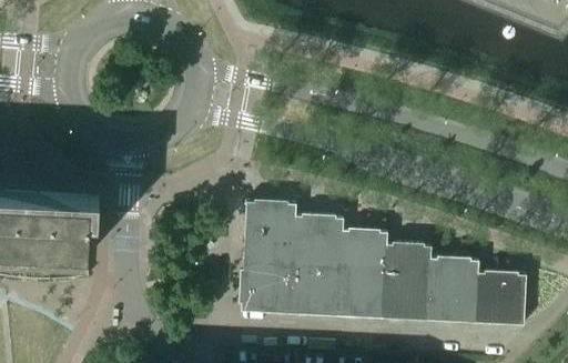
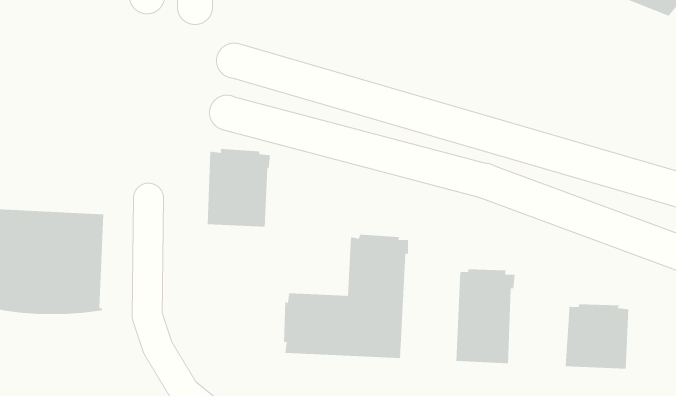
building: [243,199,296,264] -> [207,148,271,227]
building: [336,228,387,319] -> none
building: [426,256,478,323] -> none

